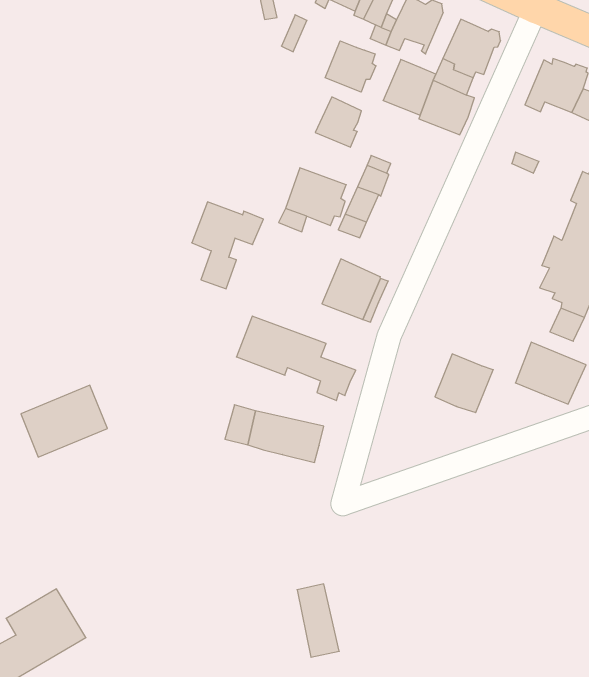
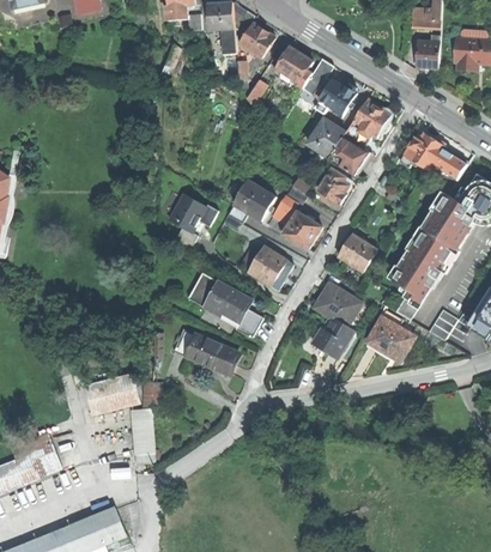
building: [325,41,376,92] -> none
building: [315,97,361,147] -> [317,168,350,202]
building: none -> [283,211,321,249]
building: none -> [339,233,376,275]
building: none -> [315,281,362,327]
building: [21,385,107,457] -> [84,372,139,414]
building: [297,584,339,657] -> [132,415,153,462]

